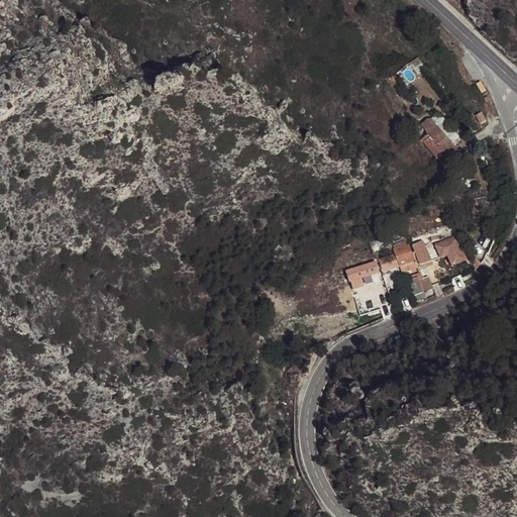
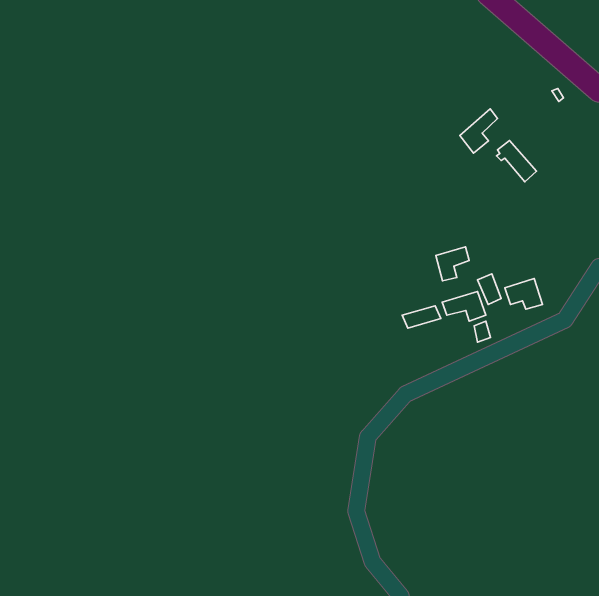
building: none -> [460,109,498,153]
building: none -> [436,247,469,281]

